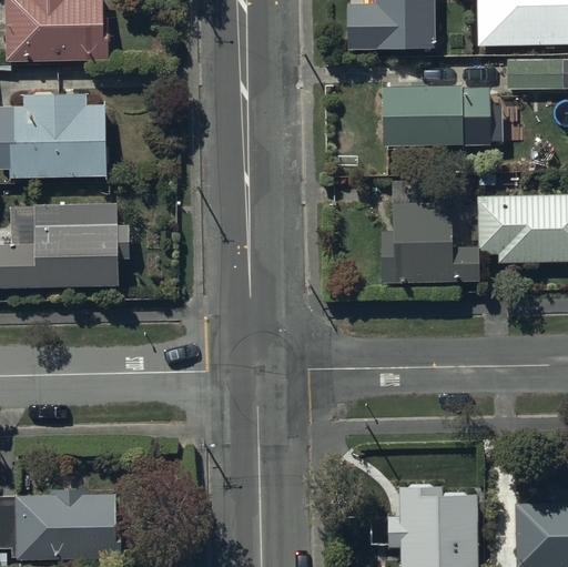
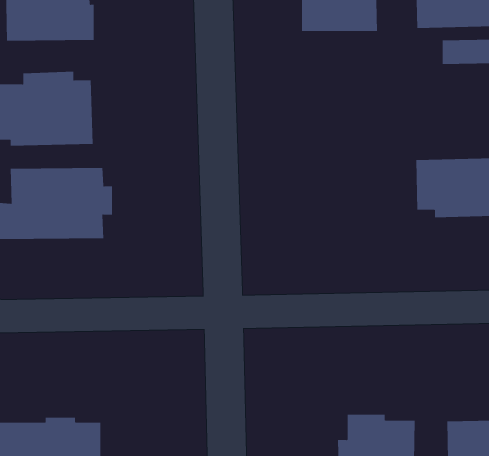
building: [381,87,488,145] -> none
building: [381,201,477,293] -> none

